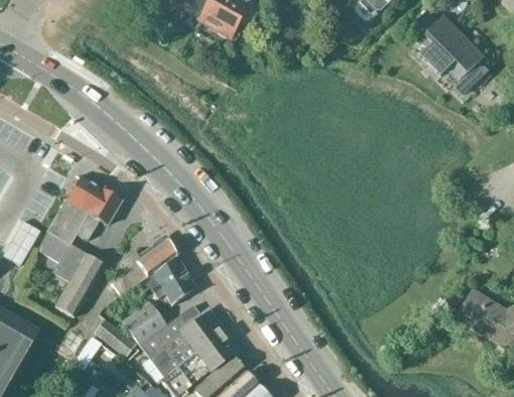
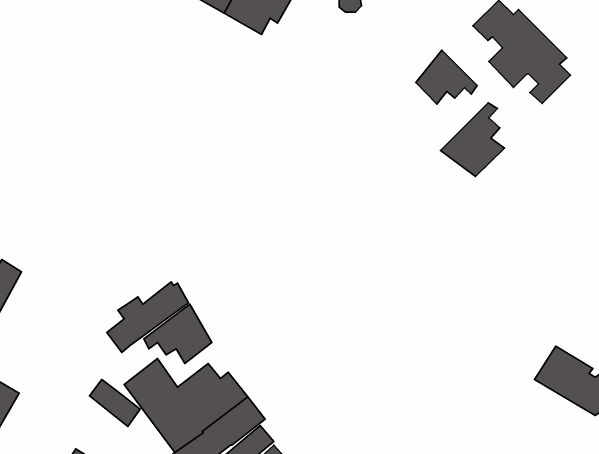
building: none -> [416,50,477,104]
building: none -> [441,103,504,177]
building: [37,176,121,316] -> none

